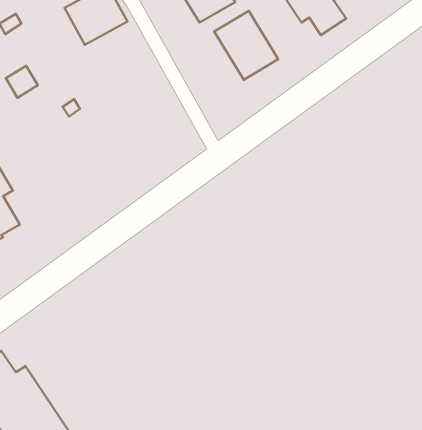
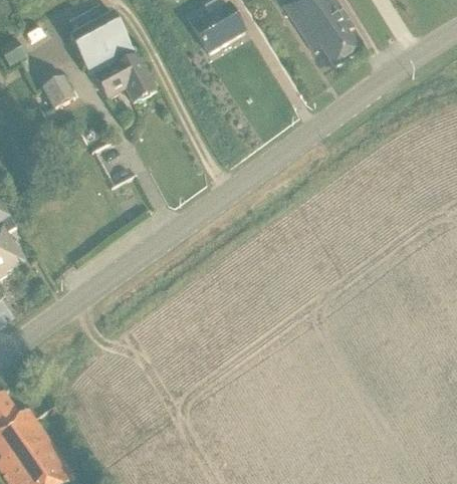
building: [214,11,278,80] -> none
building: none -> [95,52,156,100]
building: [6,66,38,98] -> [42,76,75,109]

